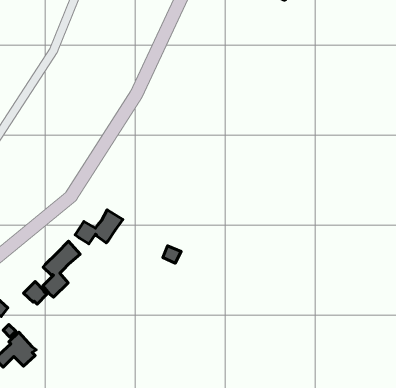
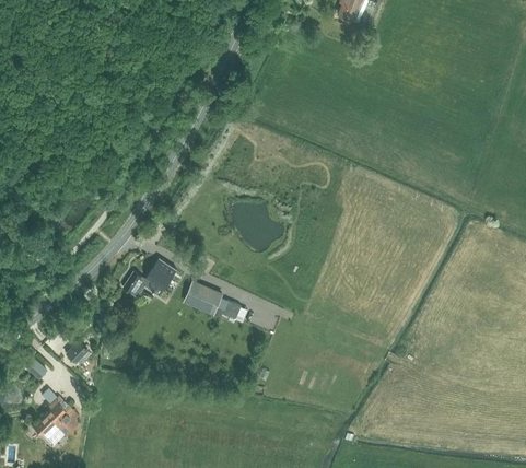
building: none -> [184,282,222,315]
building: [43,241,80,297] -> none

